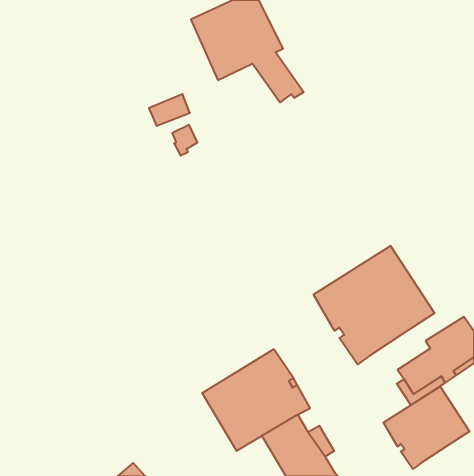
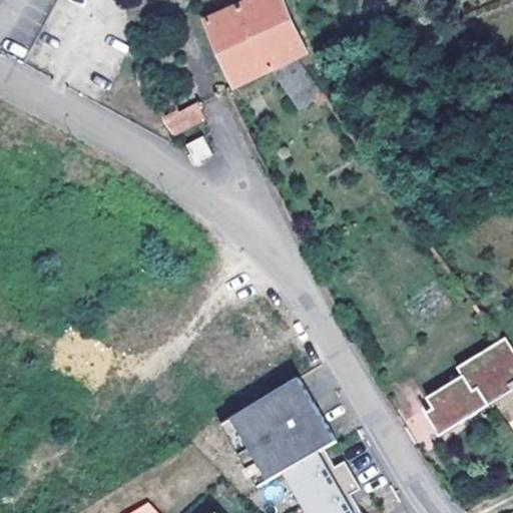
building: [314,246,434,364] -> none
building: [384,386,469,469] -> none

